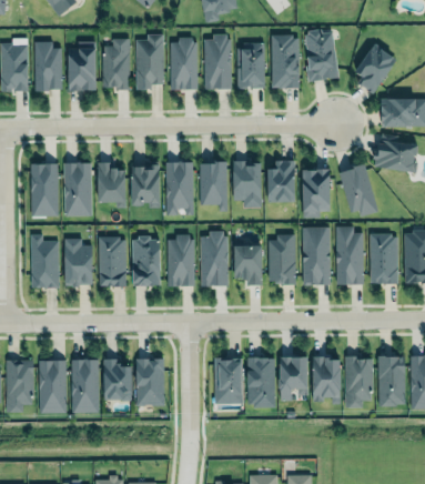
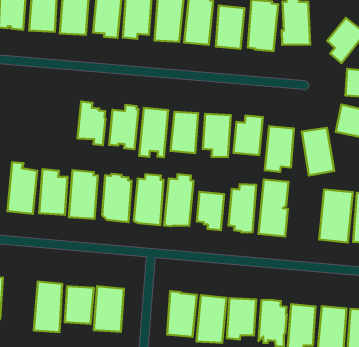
building: [61,161,89,214] -> none
building: [28,162,57,214] -> none
building: [336,225,364,285] -> none
building: [39,360,68,413] -> none

